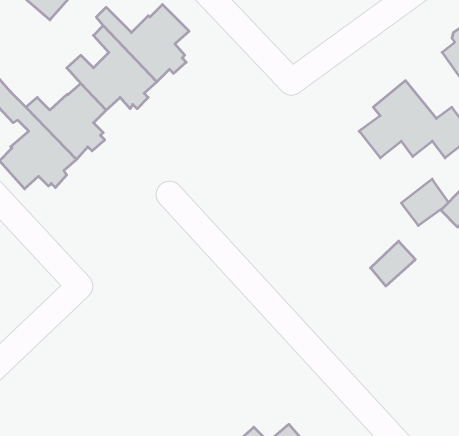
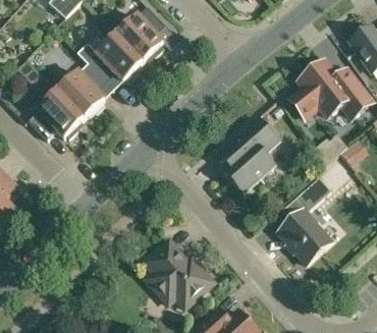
building: none -> [224,117,279,191]
building: none -> [279,210,332,264]
building: none -> [145,239,215,308]

